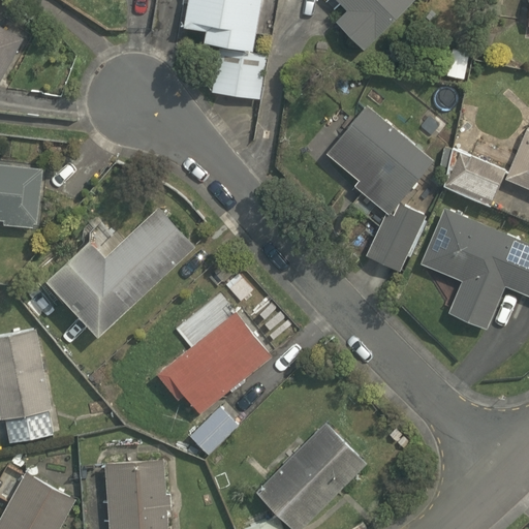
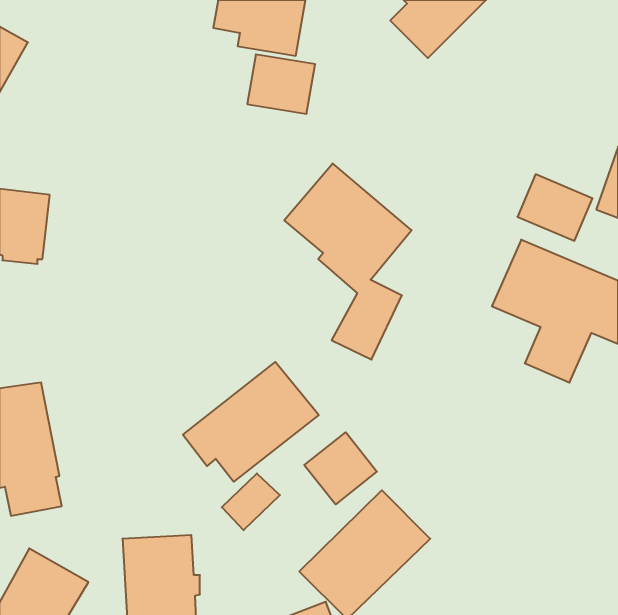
building: [324,104,433,272] -> [284,163,412,360]
building: [44,207,195,336] -> none
building: none -> [304,432,377,504]

